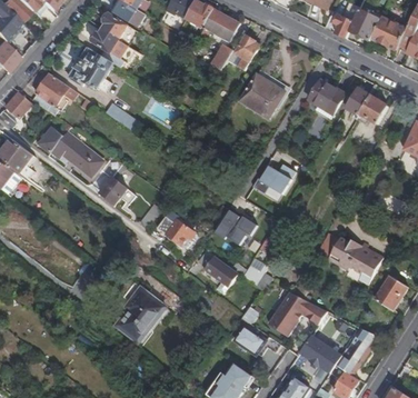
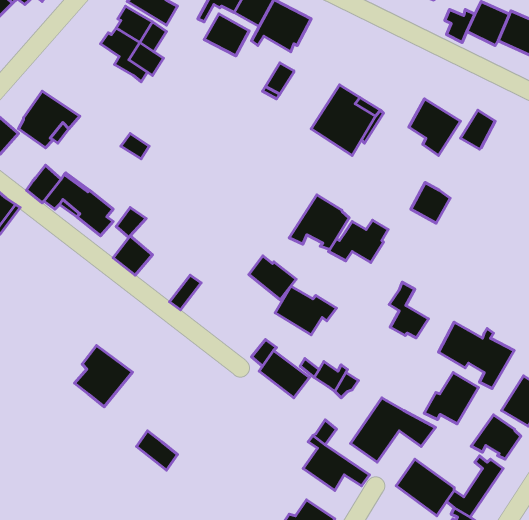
building: none -> [204,14,249,56]
building: [227,34,259,69] -> none
building: [73,46,113,88] -> none
building: [359,93,387,122] -> [411,182,450,223]
building: none -> [289,195,349,250]
building: none -> [389,282,428,338]
building: [159,213,192,245] -> [249,256,296,300]
building: none -> [424,372,478,424]
building: [123,286,165,329] -> [74,345,133,407]
building: none -> [471,415,521,459]

